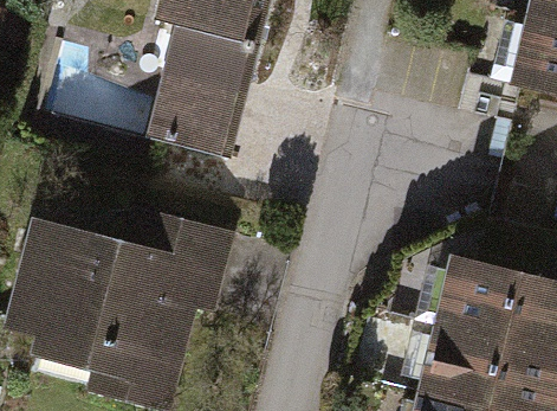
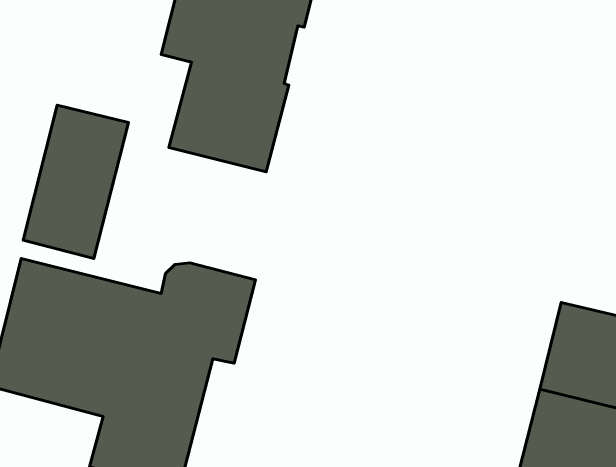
building: none -> [23,105,128,259]

